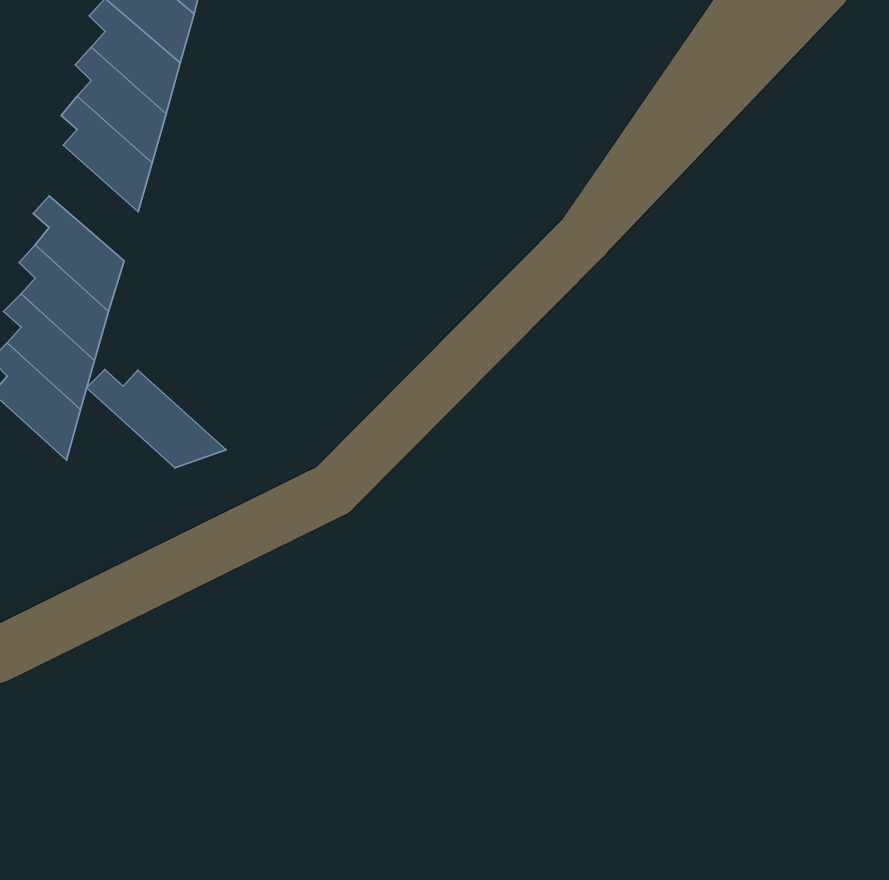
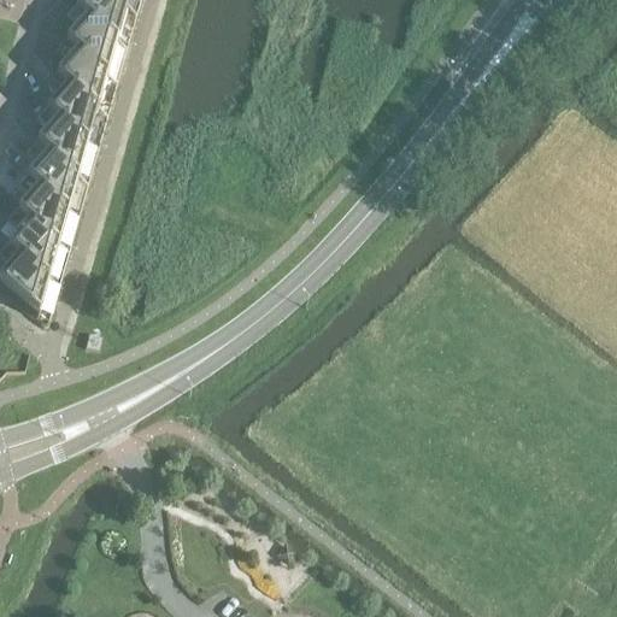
building: none -> [33,100,95,180]
building: [87,370,226,468] -> none

